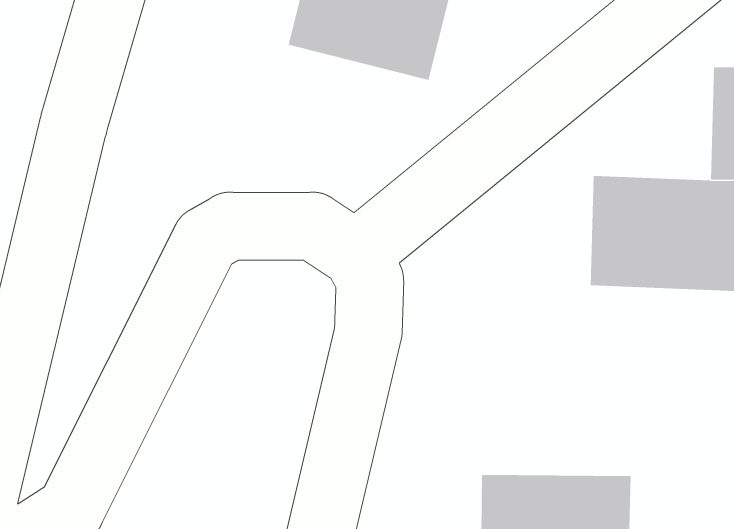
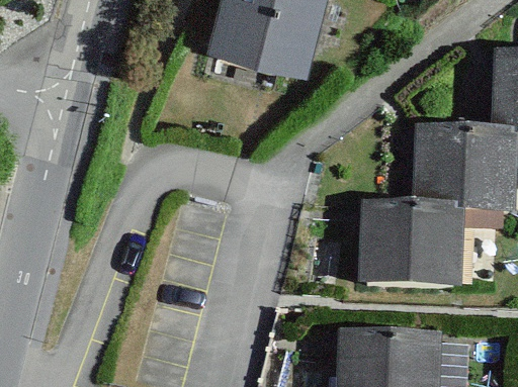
building: none -> [362,203,465,288]

